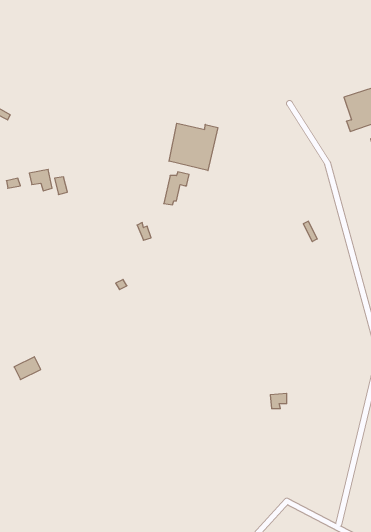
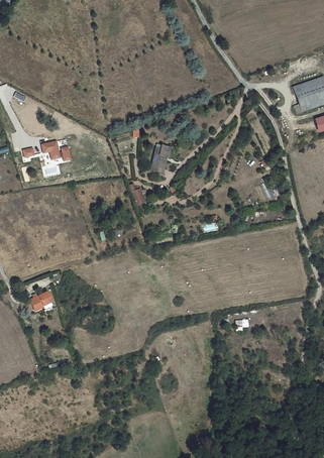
building: [169,123,218,171] -> none

